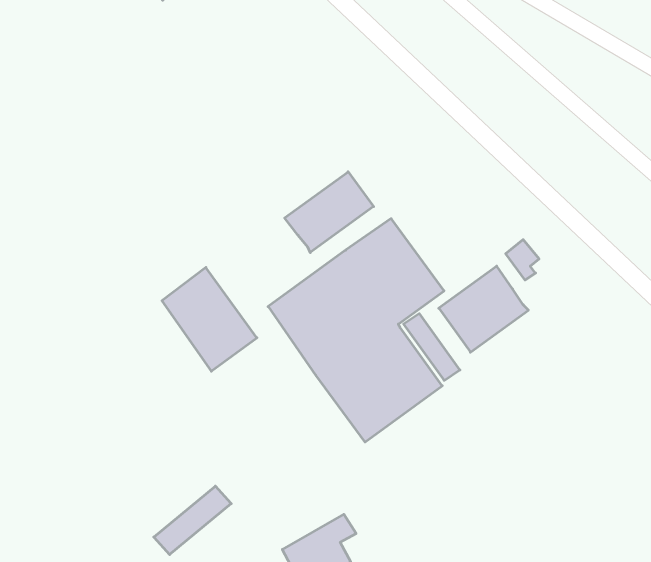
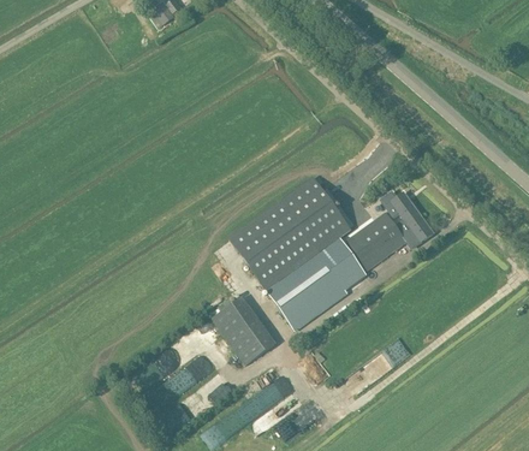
building: [285,172,374,253] -> none
building: none -> [397,206,433,241]
building: [162,267,257,371] -> [212,295,277,366]

